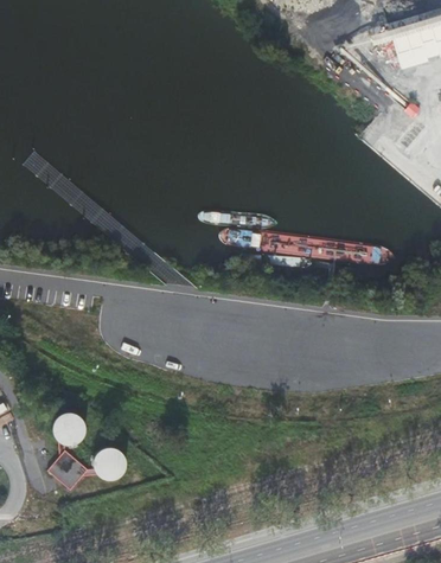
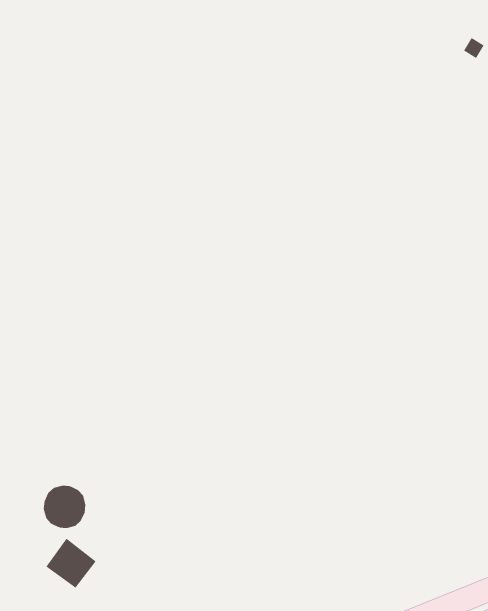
building: [92,448,126,481] -> none

